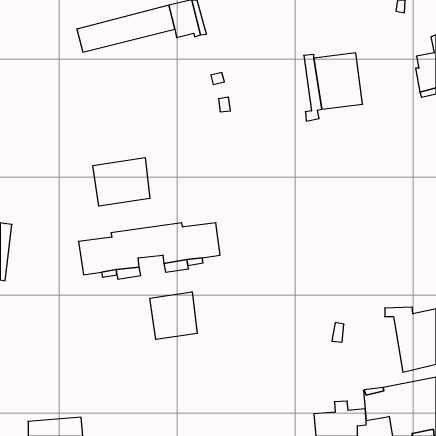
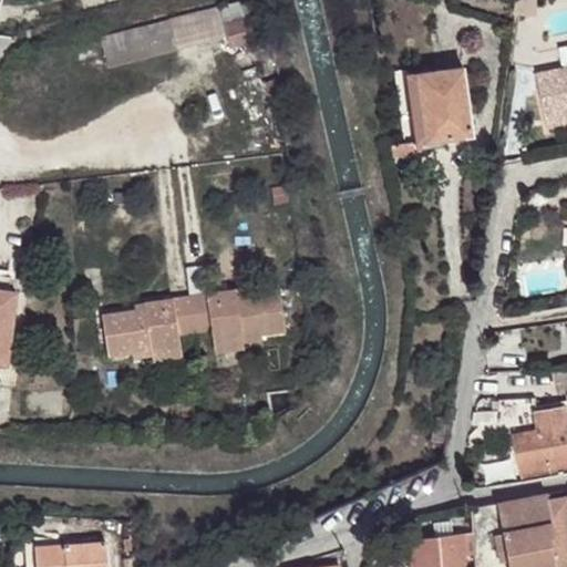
building: [93,158,150,206] -> none
building: [150,292,197,340] -> none

